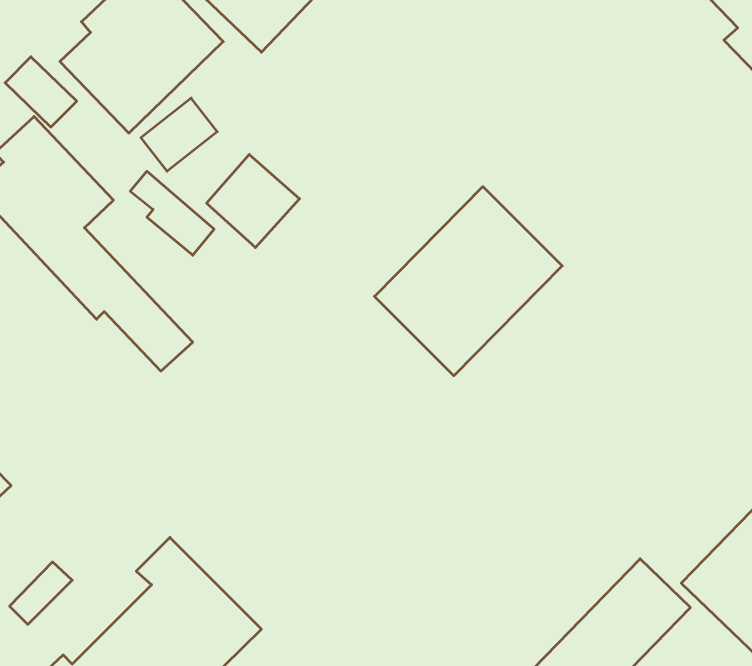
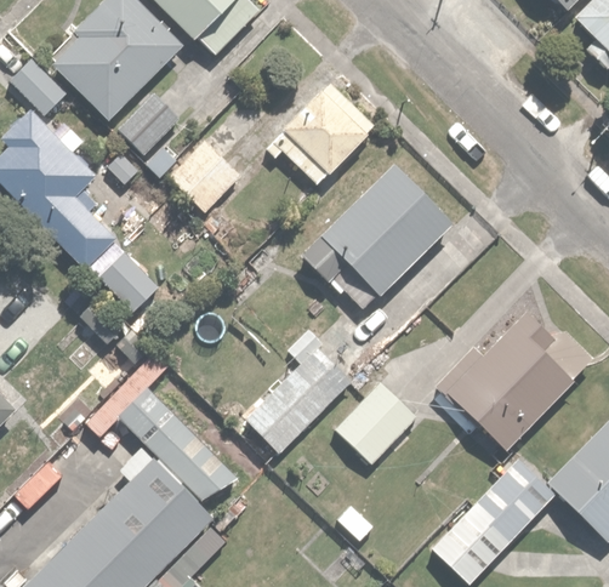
building: none -> [266,80,377,187]
building: none -> [438,306,586,445]
building: none -> [243,327,349,455]
building: none -> [90,351,245,505]
building: none -> [334,378,417,465]

